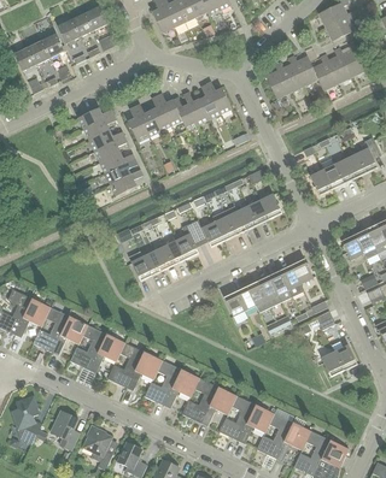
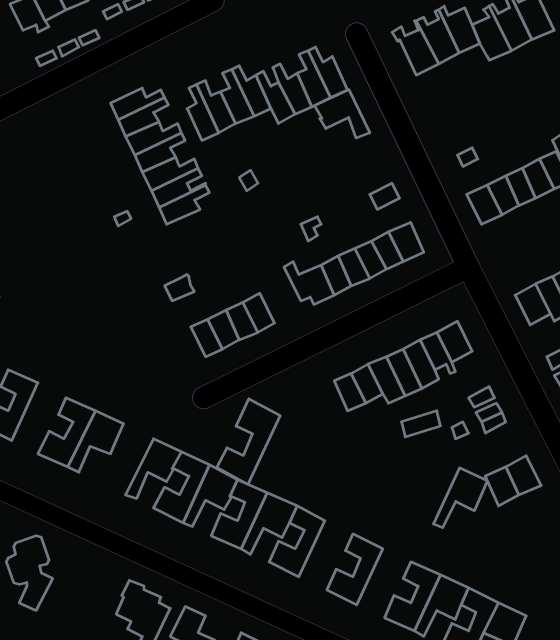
building: none -> [315,90,370,138]
building: [175,223,201,259] -> none
building: [14,297,49,337] -> none
building: none -> [217,399,280,484]
building: [69,324,106,370] -> none
building: [200,386,235,425] -> none
building: [238,405,273,443] -> [433,468,487,528]
building: [49,411,80,450] -> none

